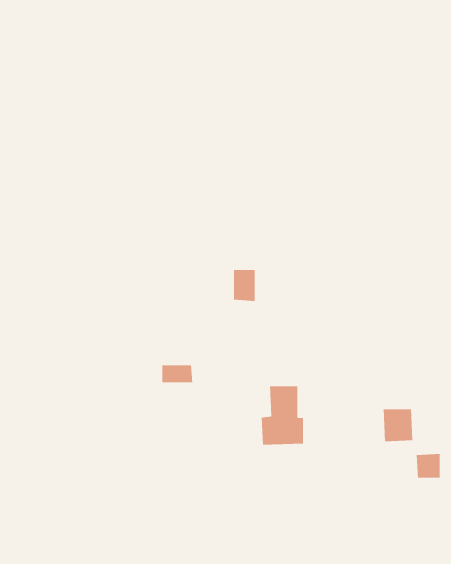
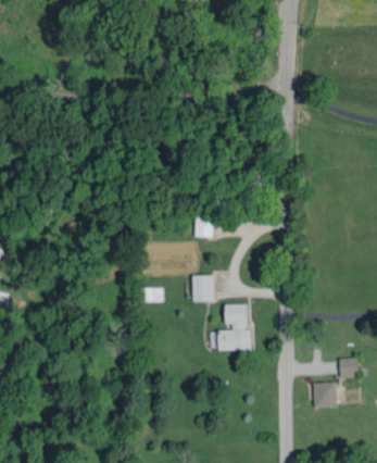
building: none -> [192,275,214,302]
building: [383,409,413,442] -> [313,383,337,409]

